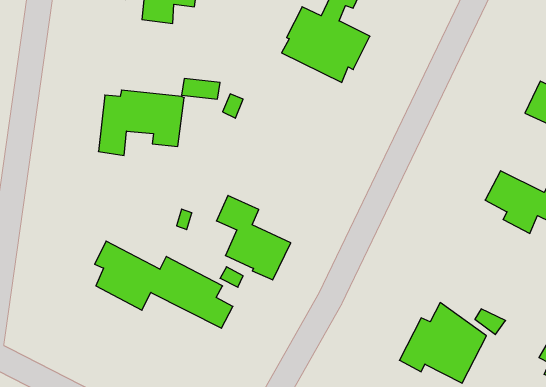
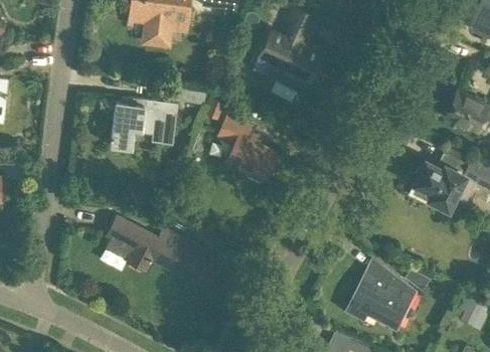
building: [216,195,291,280] -> [218,116,277,182]

